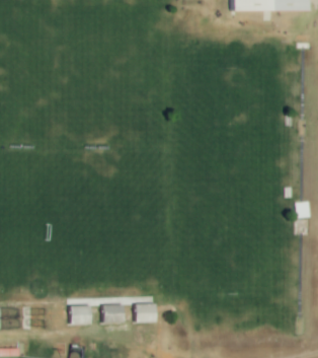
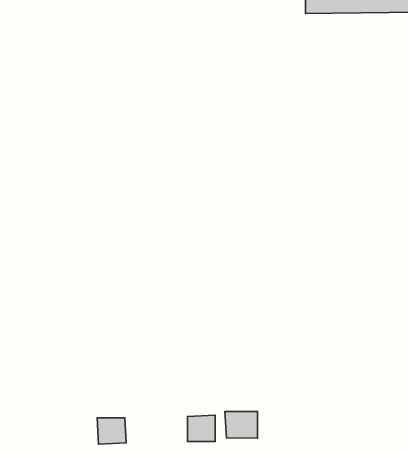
building: none -> [225,411,258,438]
building: [106,304,128,324] -> none

